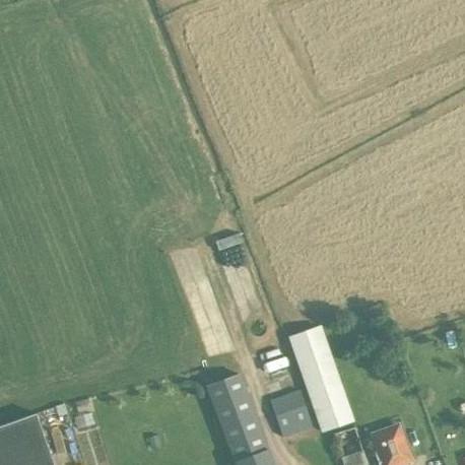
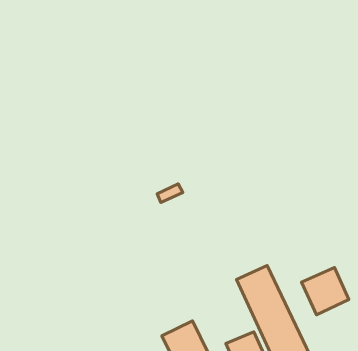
building: none -> [301,267,349,315]

